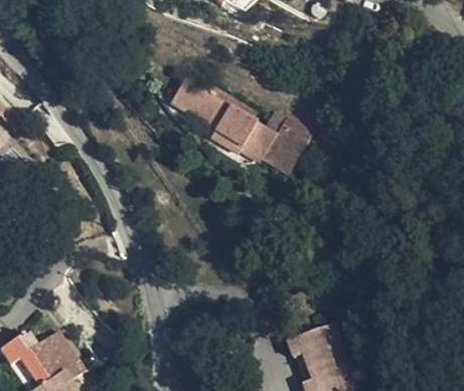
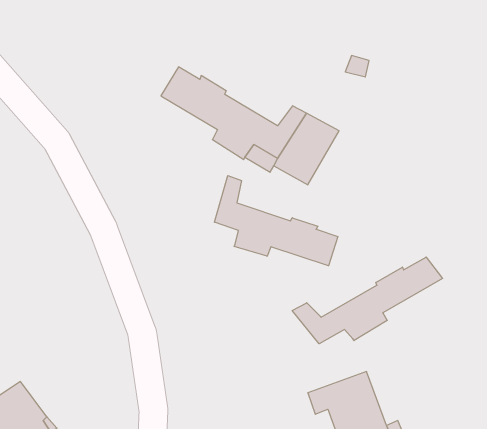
building: none -> [214,176,338,266]
building: none -> [292,257,443,344]

